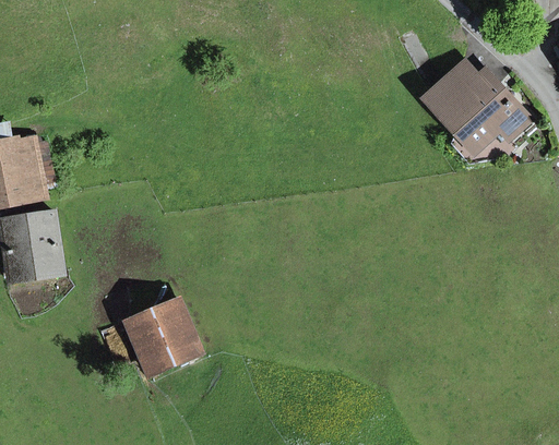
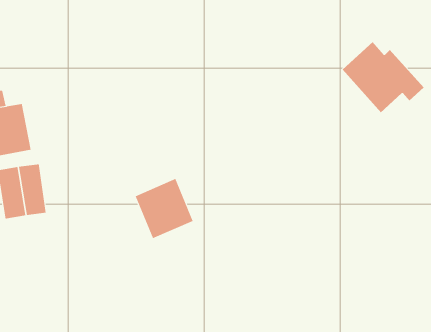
building: [128,298,200,372] -> [135,178,193,239]

